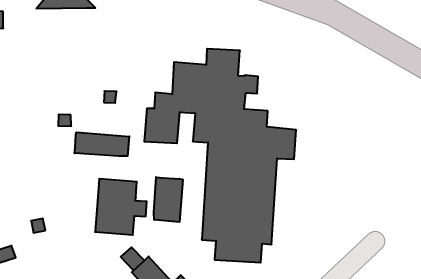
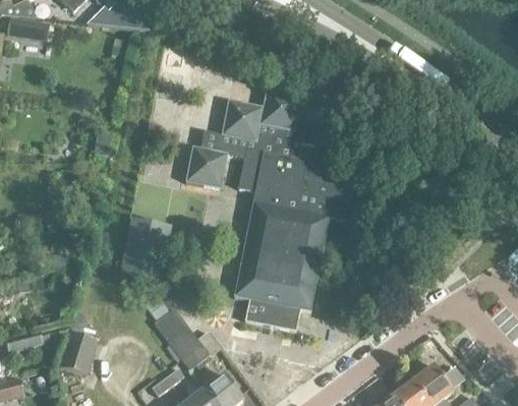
building: [75,132,129,156] -> none
building: [154,177,183,222] -> none

